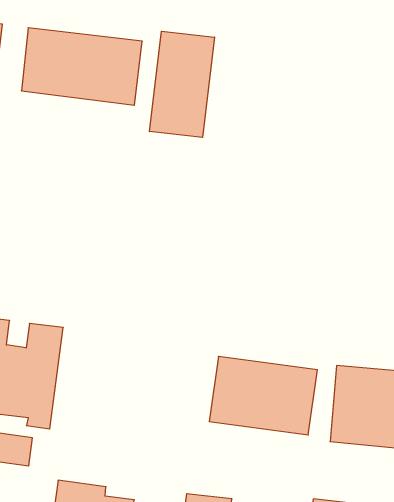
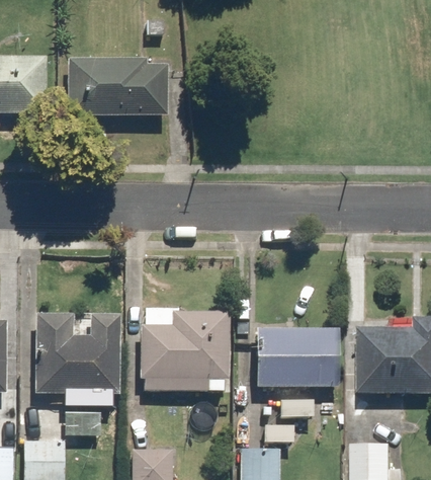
building: [150,31,214,137] -> none
building: none -> [130,309,232,392]

